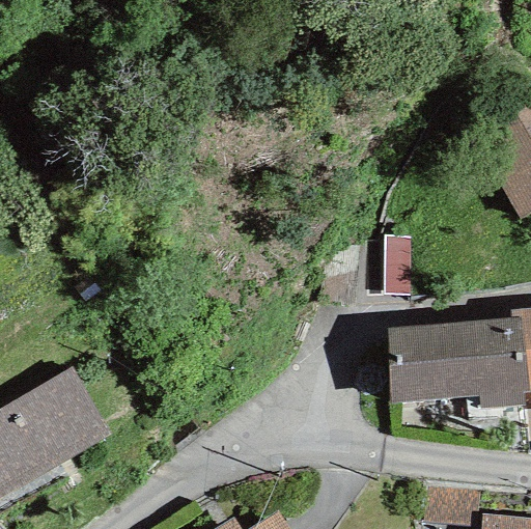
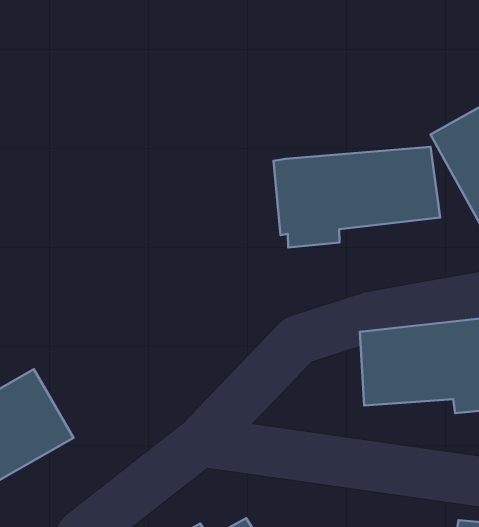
building: none -> [274,147,440,247]

